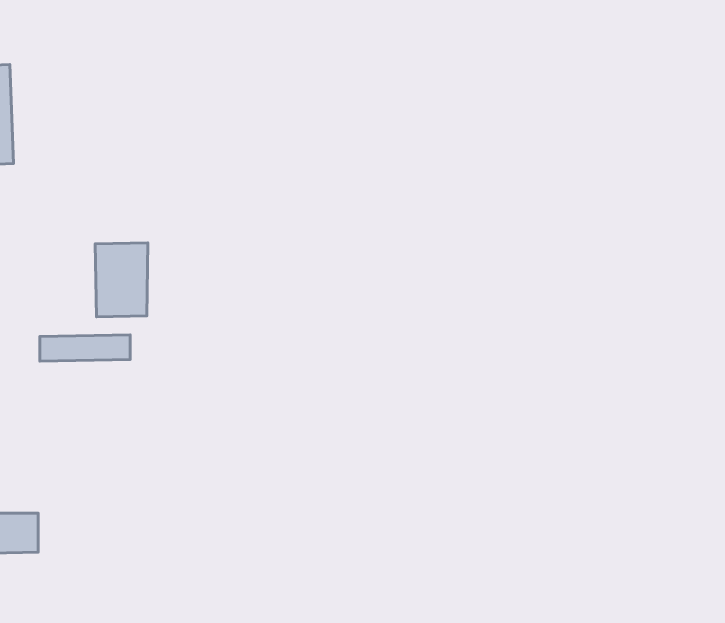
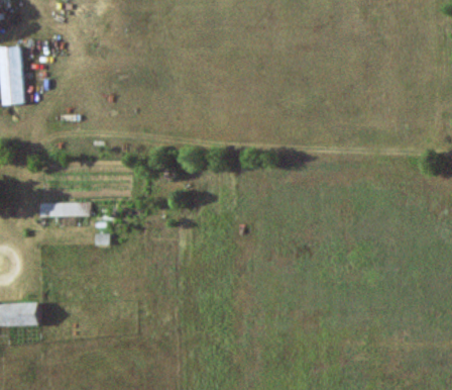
building: [95,243,148,317] -> none

